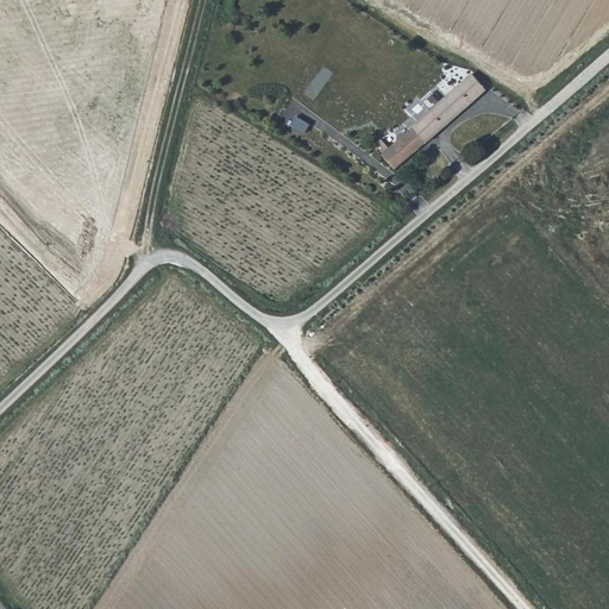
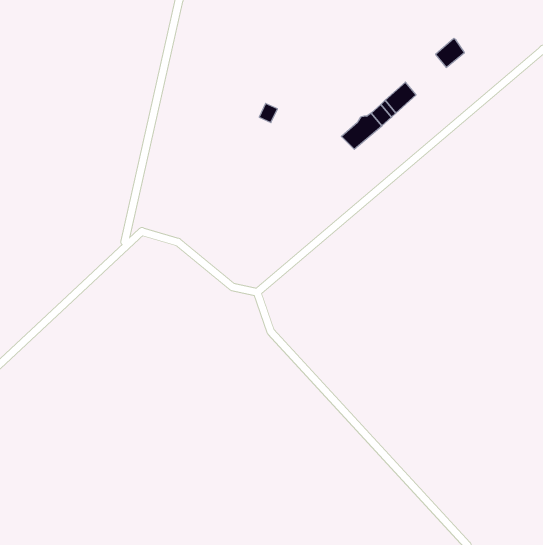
building: [452,74,484,106] -> [436,39,464,67]

